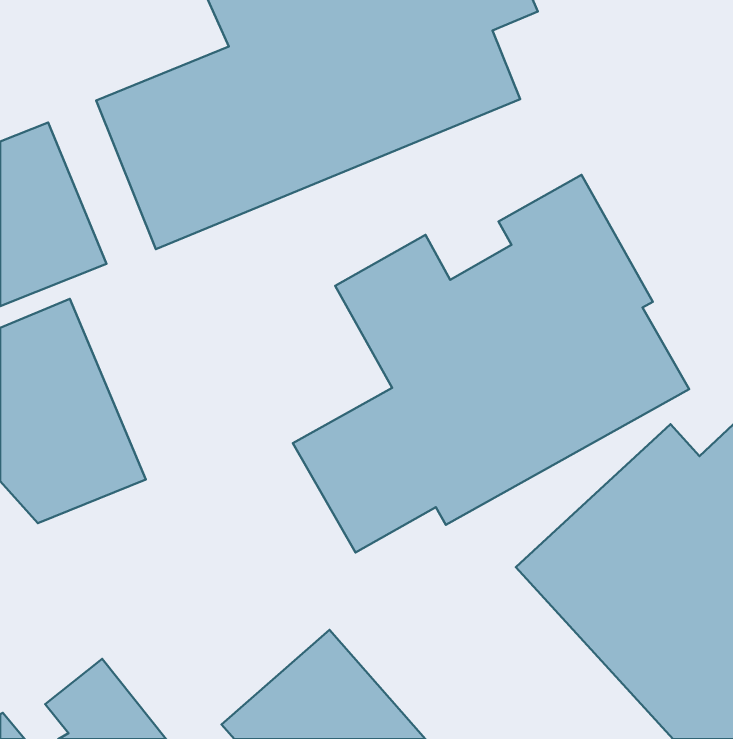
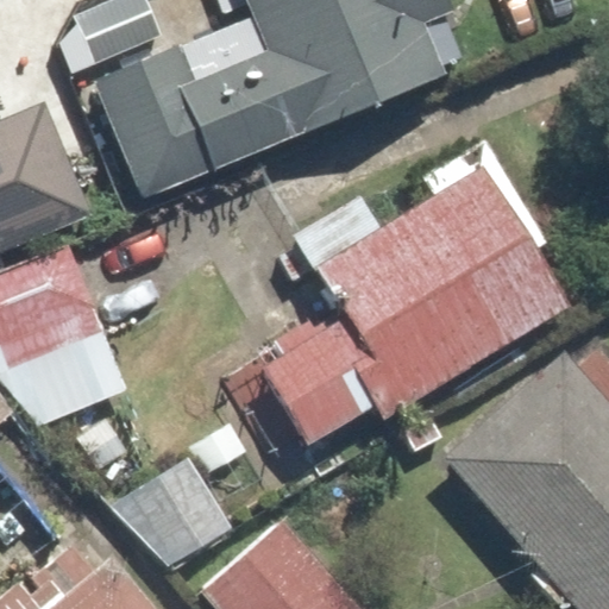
building: none -> [106,451,233,570]

